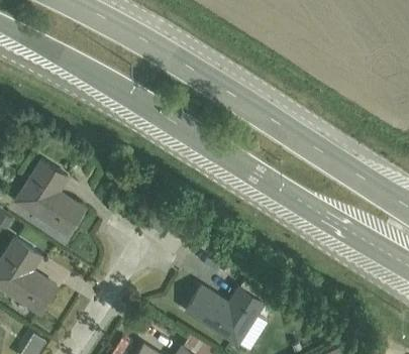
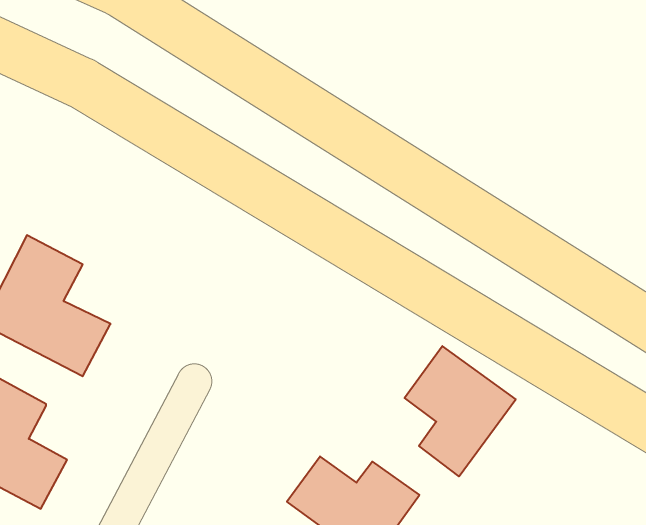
building: none -> [405,346,516,476]

